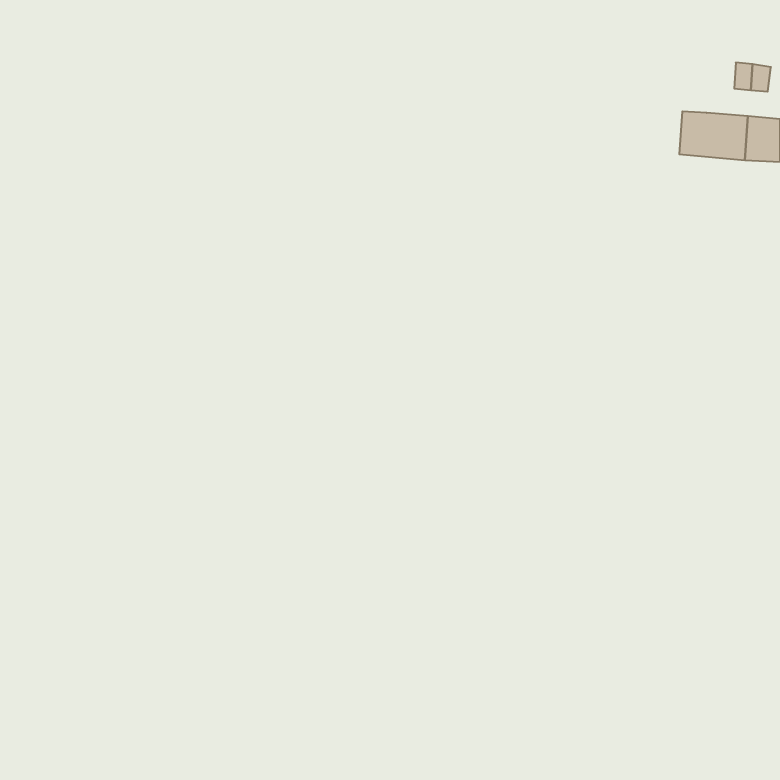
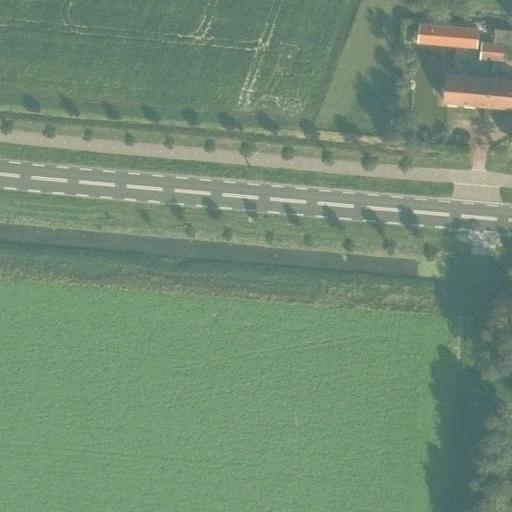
building: none -> [418,23,478,48]

